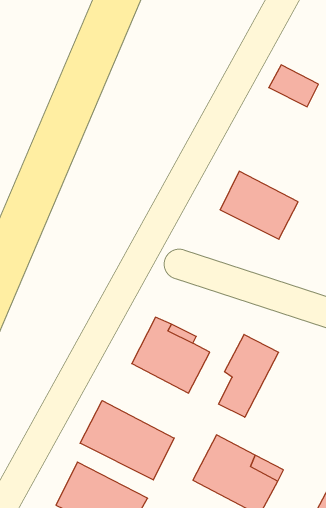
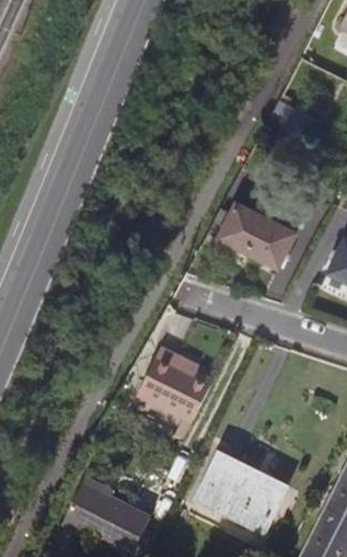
building: [219,334,279,417] -> none
building: [80,401,174,480] -> none

